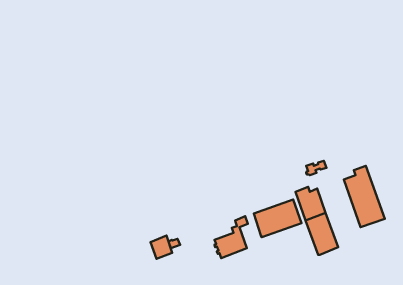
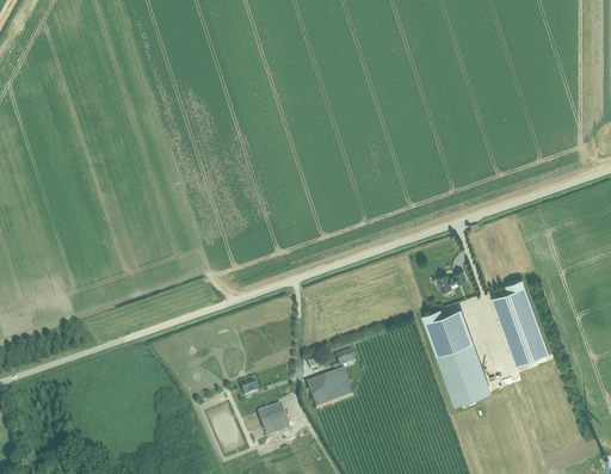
building: [254,200,301,237] -> none
building: [151,235,172,259] -> [258,404,289,437]

